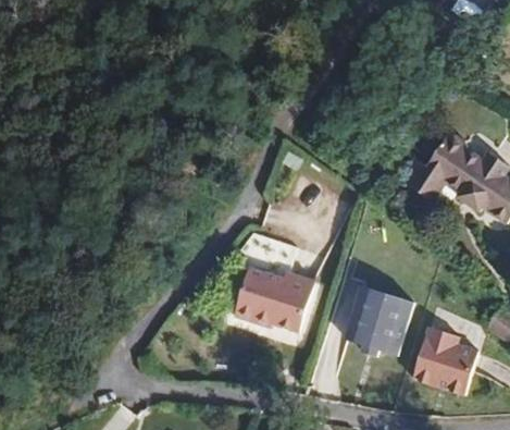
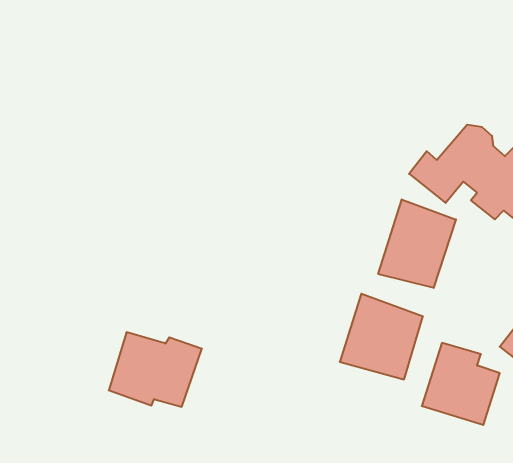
building: none -> [378,199,456,288]
building: [226,266,307,330] -> [109,332,202,407]

